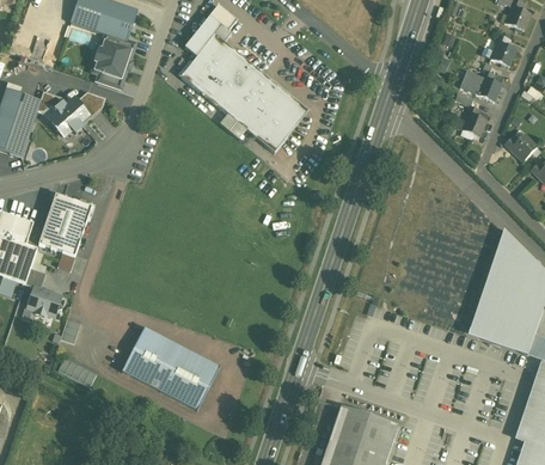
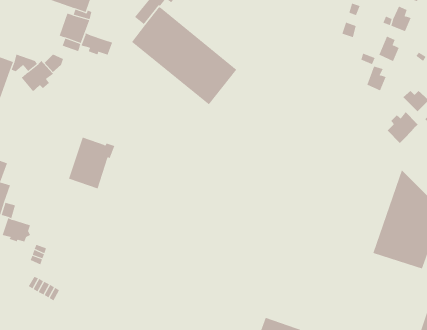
building: none -> [81,32,113,56]
building: none -> [387,111,419,144]
building: [38,195,94,257] -> [68,137,115,189]
building: [122,328,219,410] -> none

